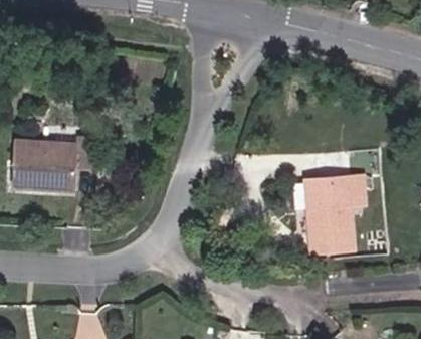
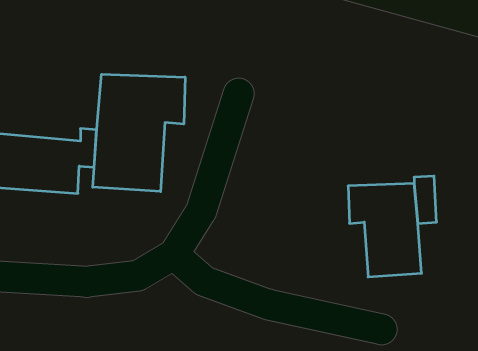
building: none -> [93,74,185,192]

